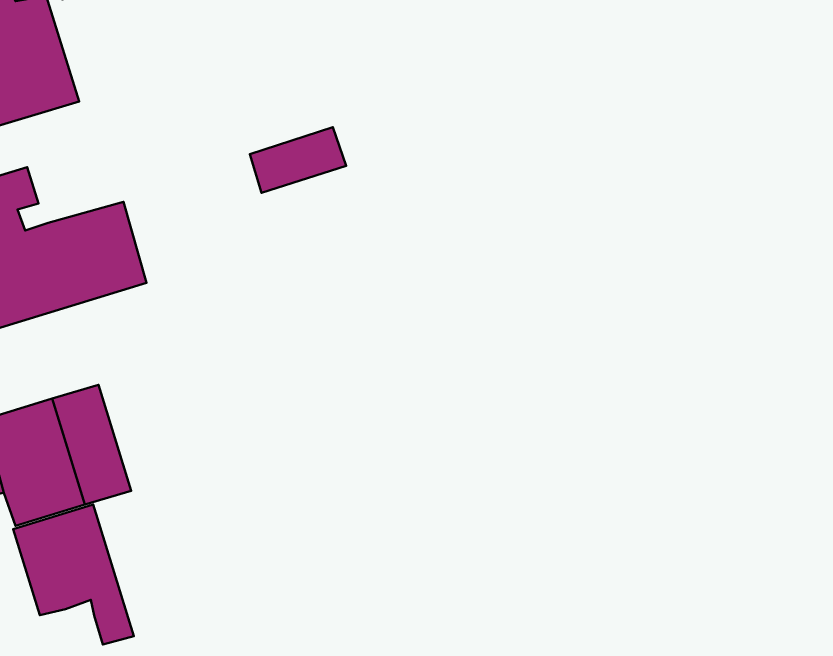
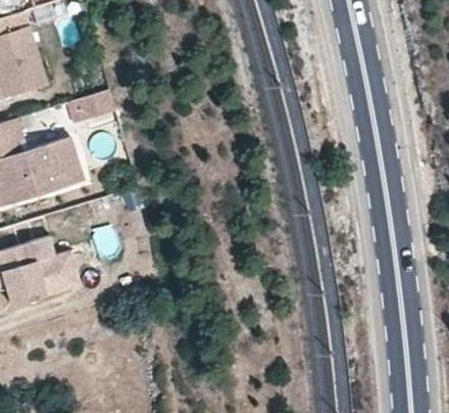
building: [250,127,346,193] -> [65,91,116,126]
building: [13,504,134,645] -> none

